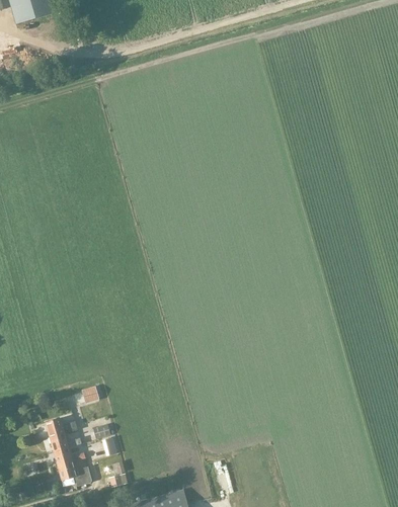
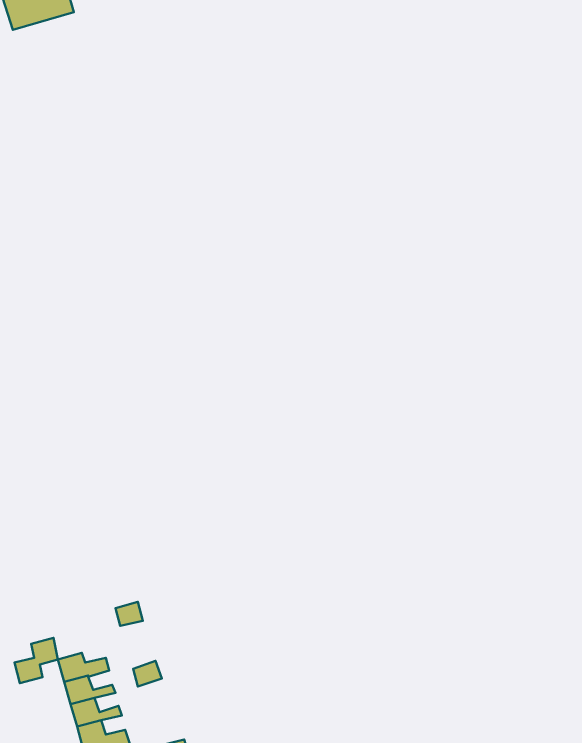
building: none -> [14,638,58,683]

